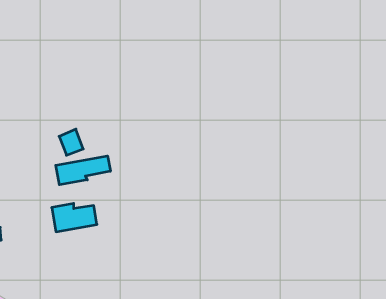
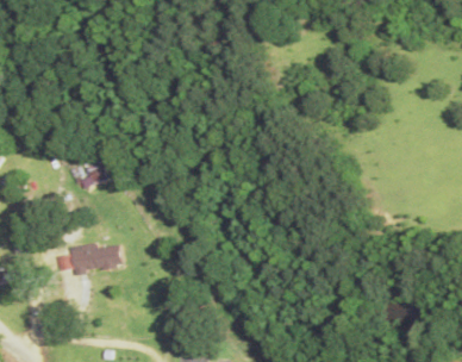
building: [56,156,110,185] -> none

